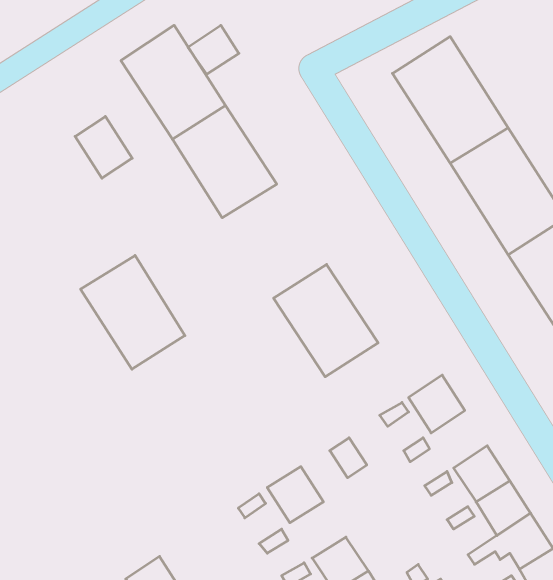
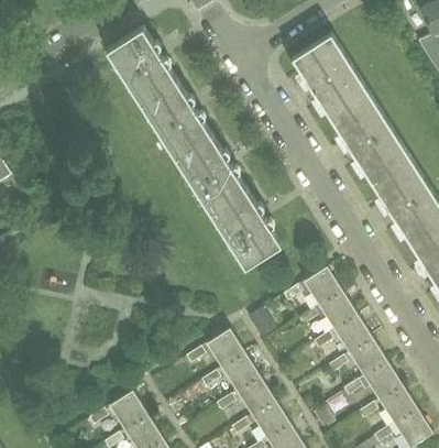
building: [188,25,239,74] -> none
building: [75,116,132,178] -> none
building: [81,255,185,369] -> [175,136,246,215]
building: none -> [318,292,356,331]
building: none -> [221,354,260,393]

